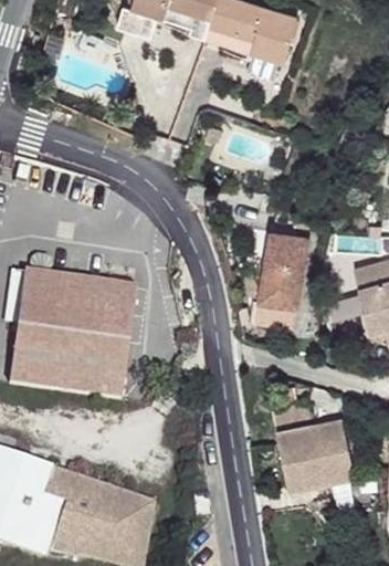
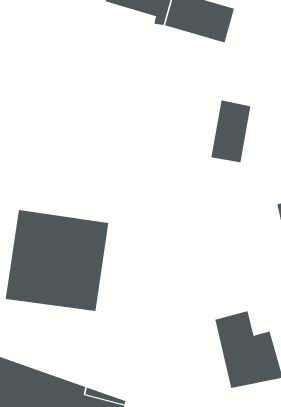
building: [255,232,306,311] -> [210,100,251,163]

